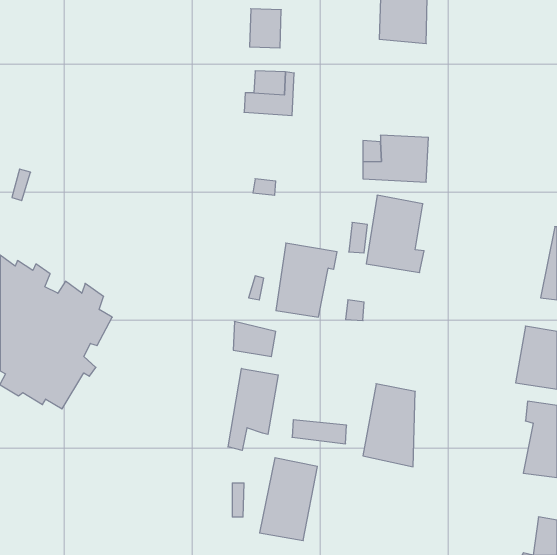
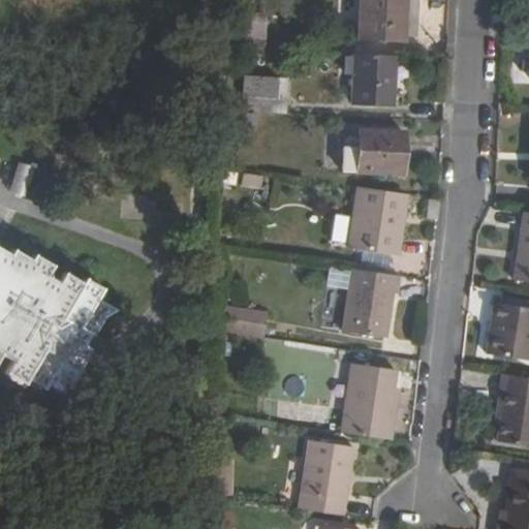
building: none -> [352,51,394,102]
building: [276,243,337,317] -> [342,271,400,341]
building: [228,368,278,450] -> none
building: [260,458,317,541] -> [300,437,354,516]

